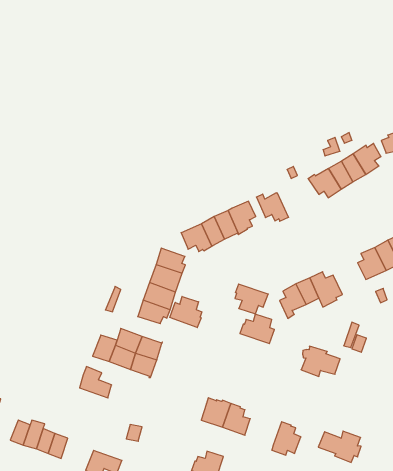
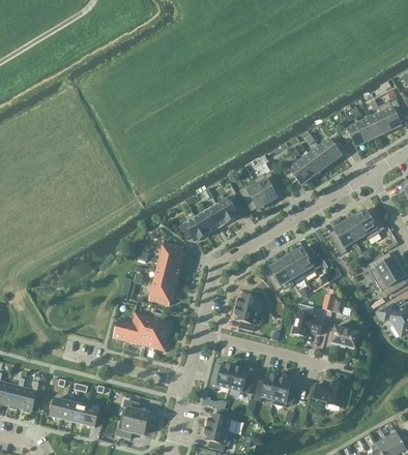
building: none -> [253,173,280,205]
building: [235,284,268,314] -> [234,307,262,331]
building: [170,296,202,328] -> none
building: none -> [330,324,358,348]
building: [80,367,112,398] -> [121,399,148,424]
building: none -> [254,376,279,400]

